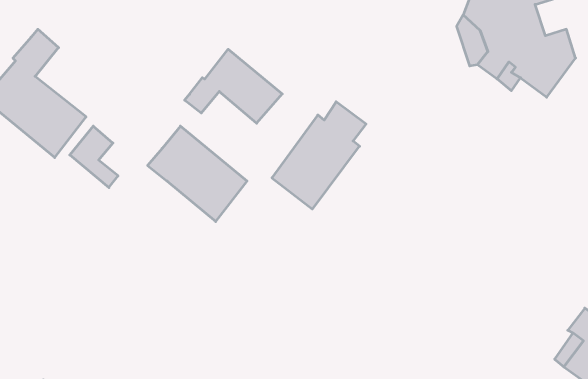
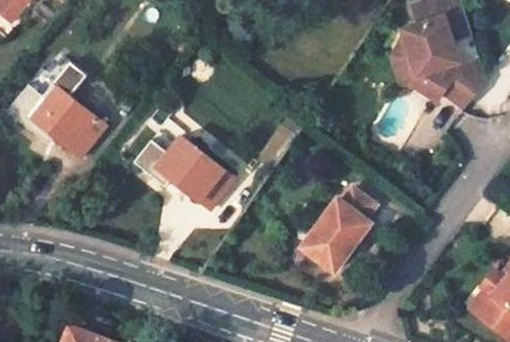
building: [185,49,282,123] -> none
building: [272,102,366,209] -> [302,185,375,268]
building: [70,126,118,188] -> [132,137,169,185]

